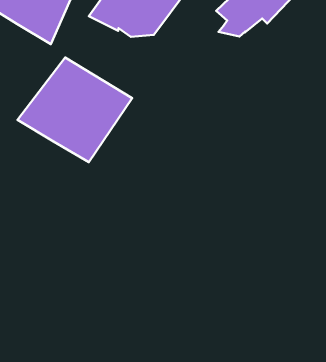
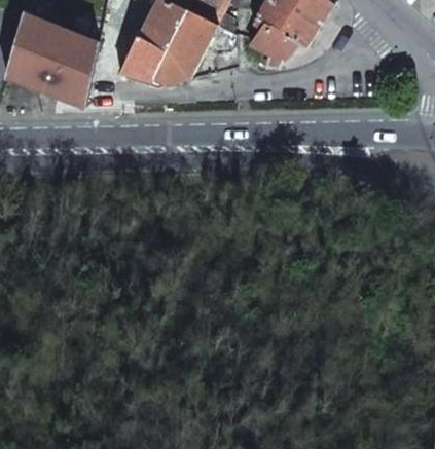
building: [17,58,132,162] -> none

